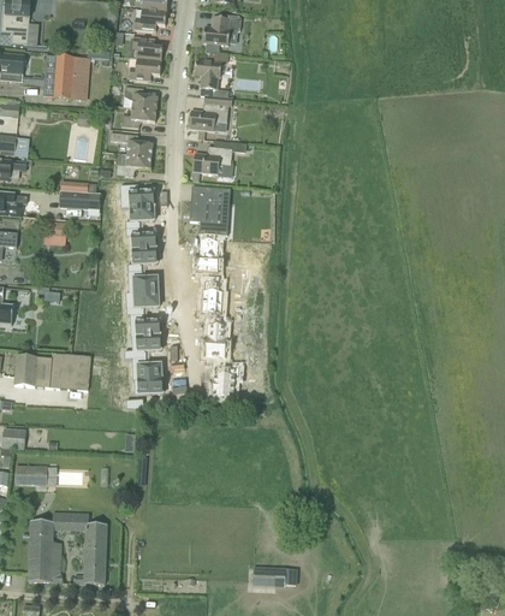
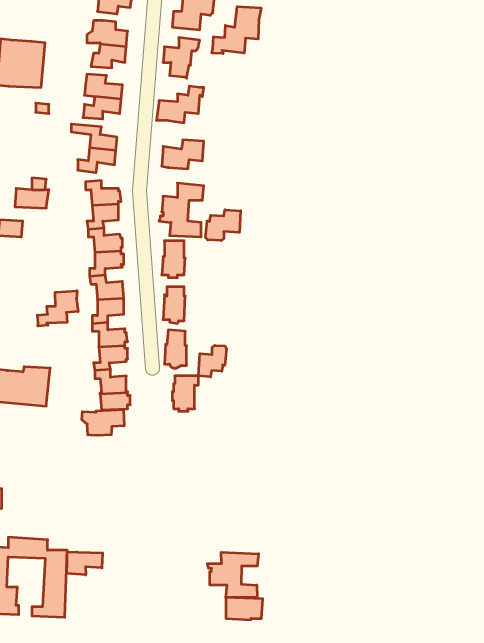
building: none -> [212,7,261,54]
building: none -> [206,210,241,241]
building: none -> [37,291,78,326]
building: none -> [198,345,226,377]
building: none -> [82,410,124,435]
building: none -> [67,552,103,575]
building: none -> [207,552,259,598]

